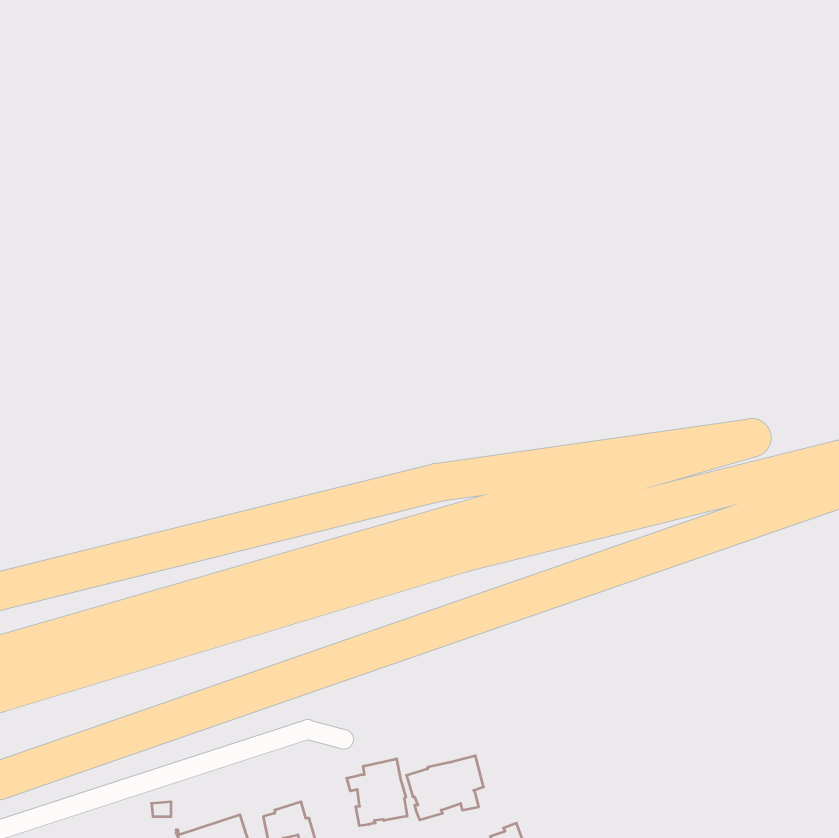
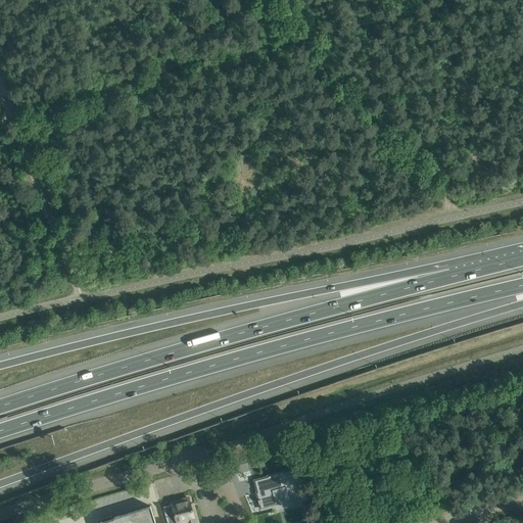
building: [347,759,407,826] -> none

